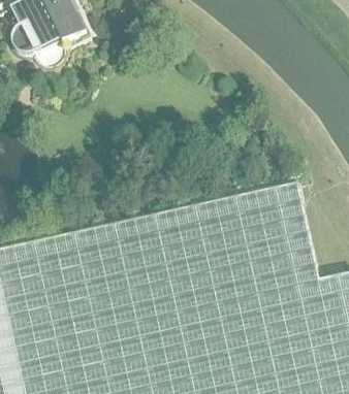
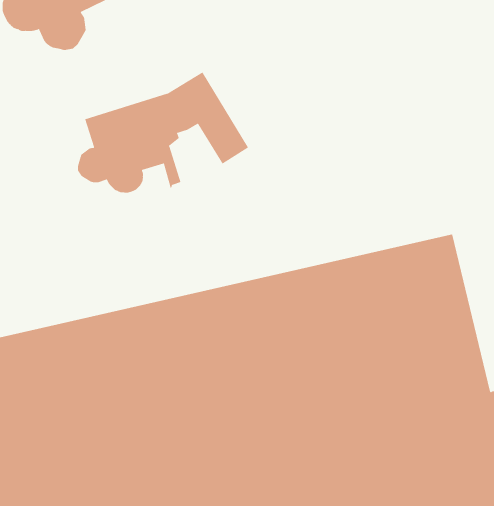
building: none -> [77,71,249,193]

